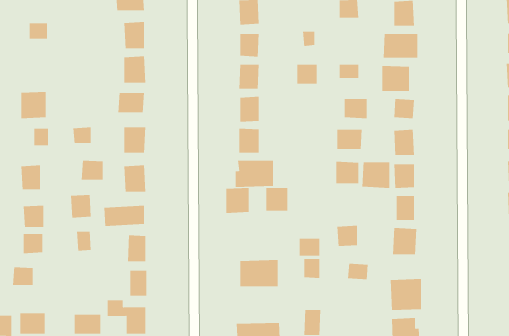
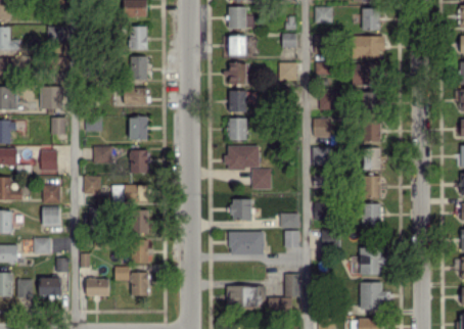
building: [362,161,390,189] -> none
building: [226,187,249,213] -> [231,198,251,221]

